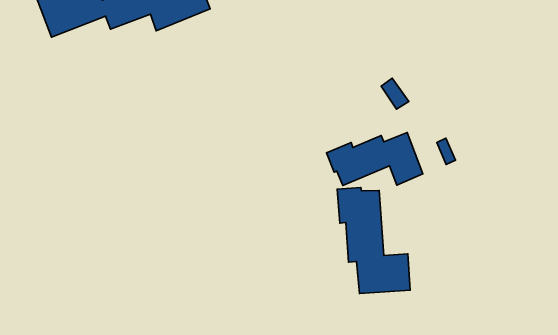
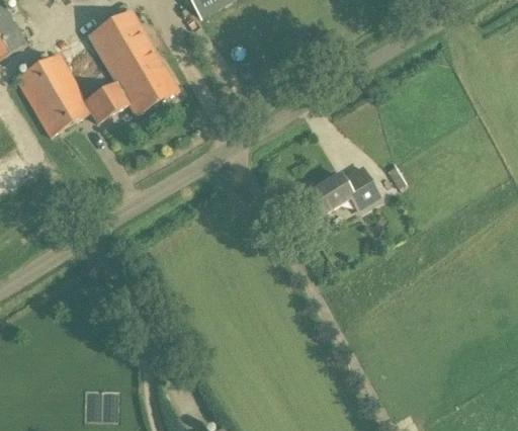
building: [337,188,410,294] -> none

